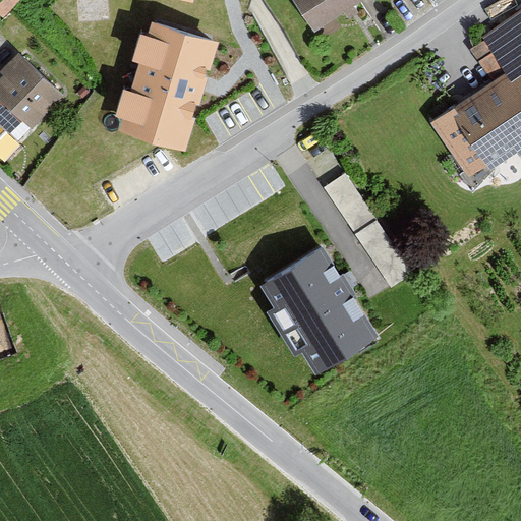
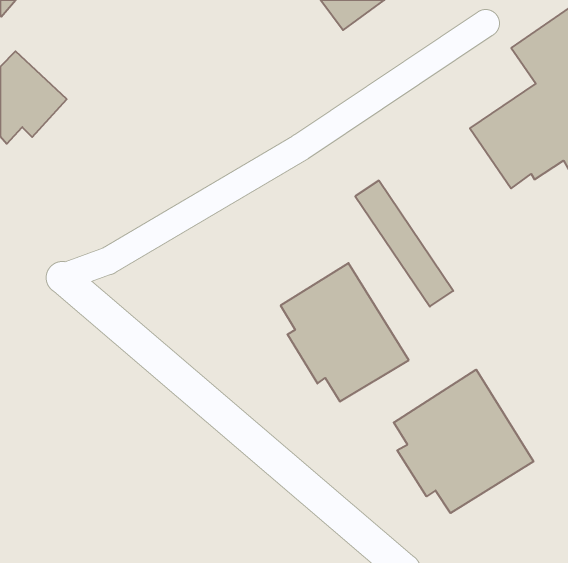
building: [113,15,220,148] -> none
building: none -> [394,370,533,513]

